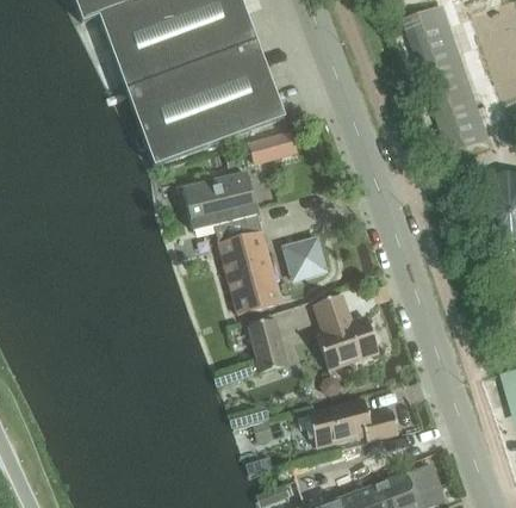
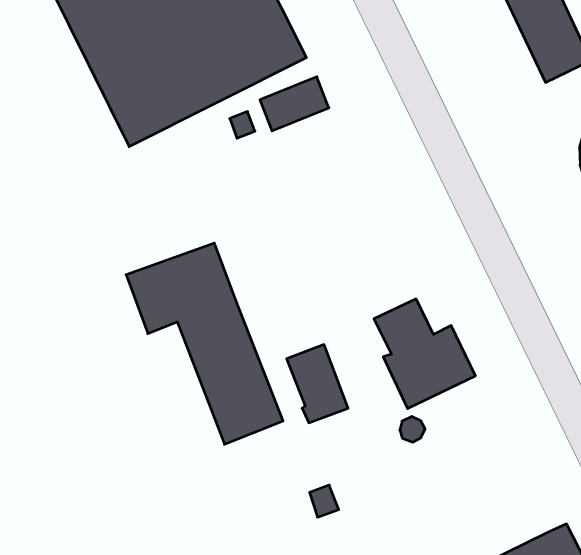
building: [182,172,281,314] -> [126,243,283,444]
building: [285,237,327,278] -> none
building: [307,397,398,447] -> none

